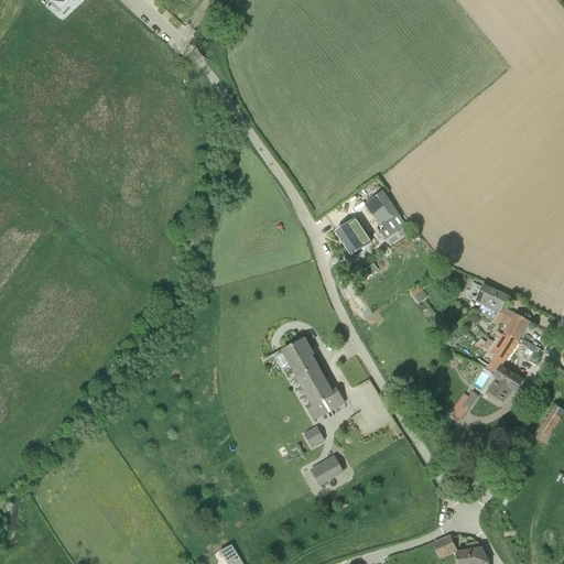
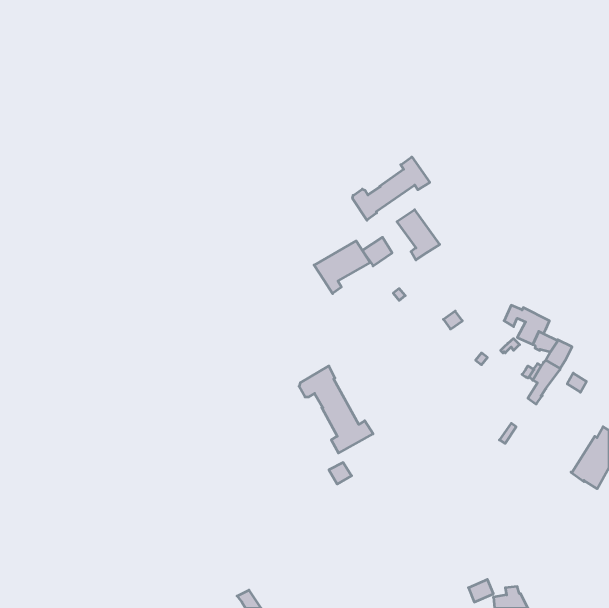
building: none -> [353,157,430,220]
building: none -> [314,241,370,294]
building: [489,366,523,401] -> none
building: [312,457,343,485] -> none

